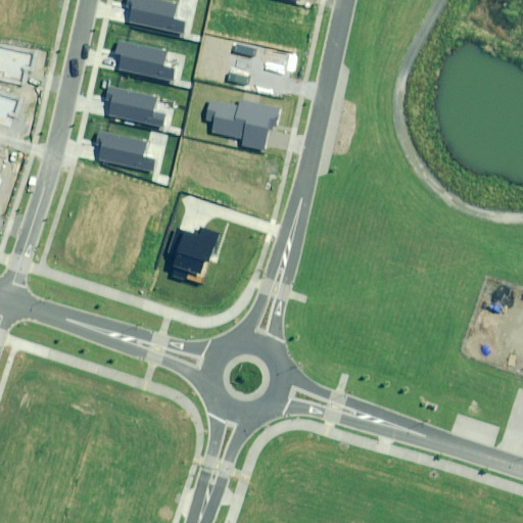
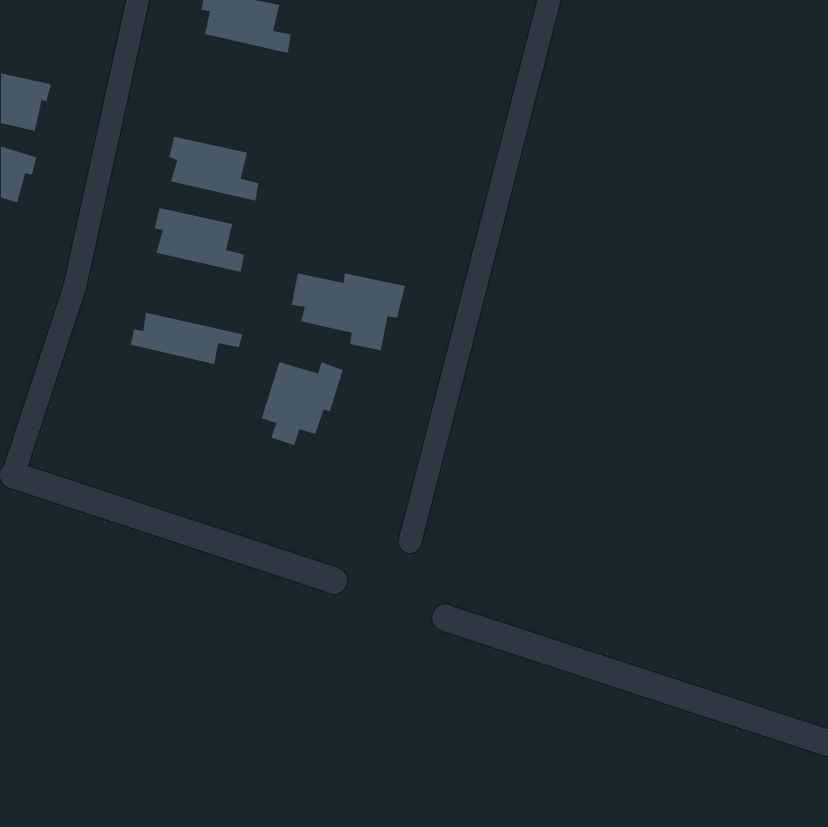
building: [113,39,172,80] -> none
building: [206,100,279,149] -> [291,273,406,351]
building: none -> [130,312,243,365]

